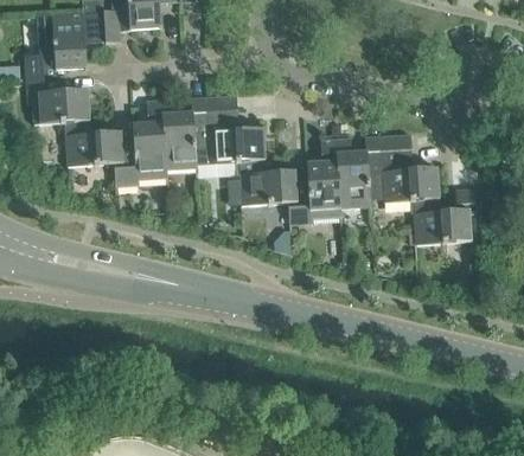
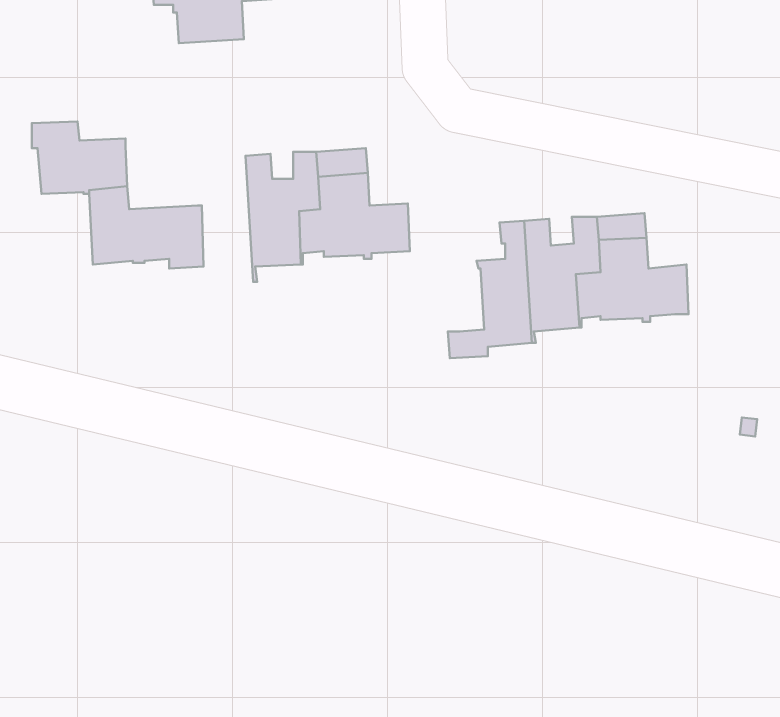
building: [28,9,122,78] -> none
building: [116,98,168,185] -> none
building: [242,158,312,207] -> none
building: [414,187,477,243] -> none

